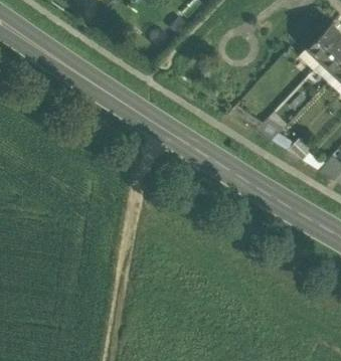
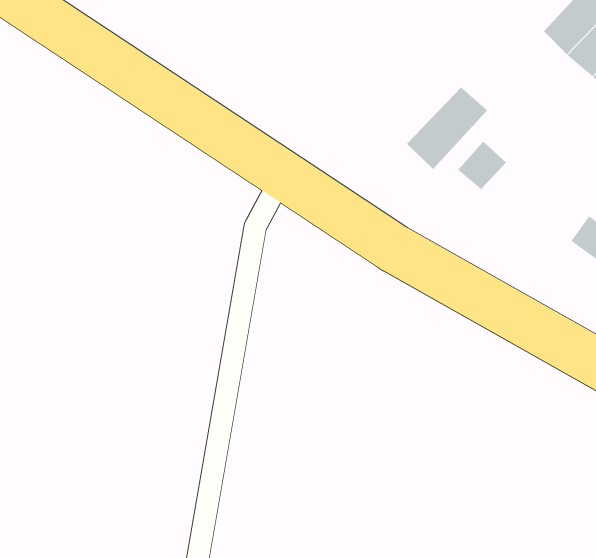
building: none -> [406,86,488,170]

